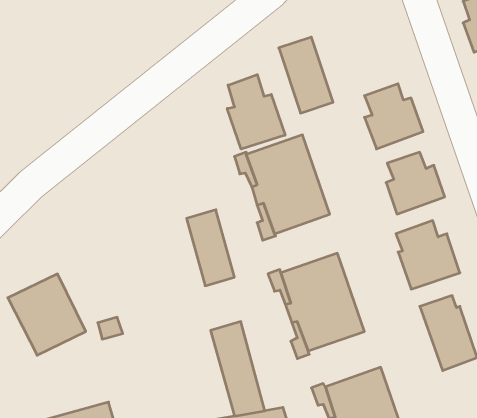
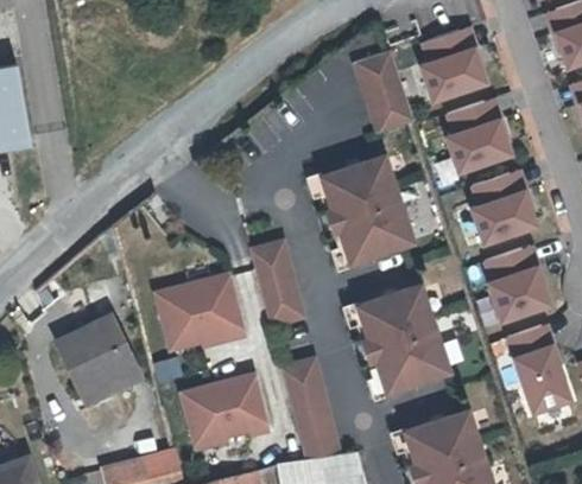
building: none -> [424,31,488,102]
building: [227,75,285,149] -> none
building: none -> [156,272,248,349]
building: none -> [184,375,274,447]

